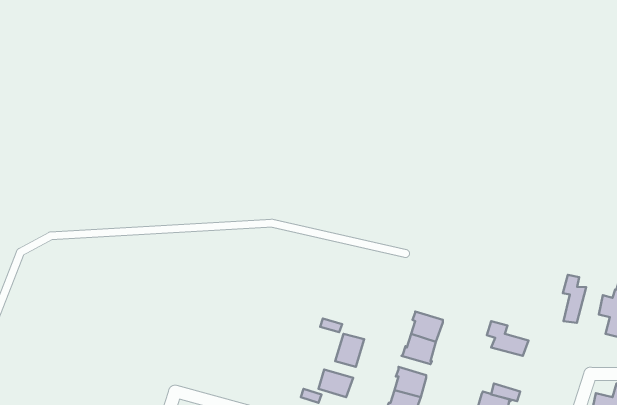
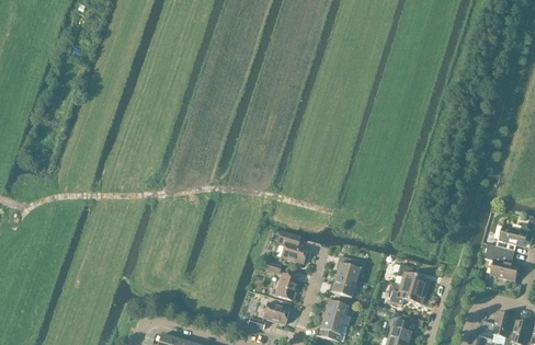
building: [563,275,586,323] -> none
building: none -> [278,231,308,263]
building: none -> [389,284,425,304]

